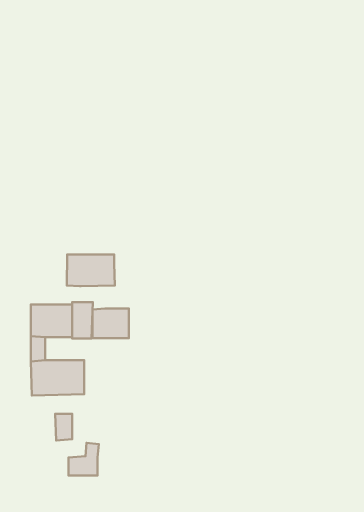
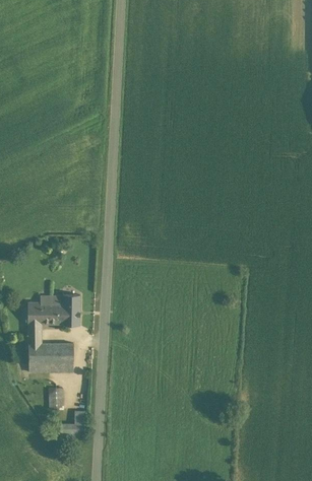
building: [67,255,115,286] -> none
building: [92,308,129,338] -> none

